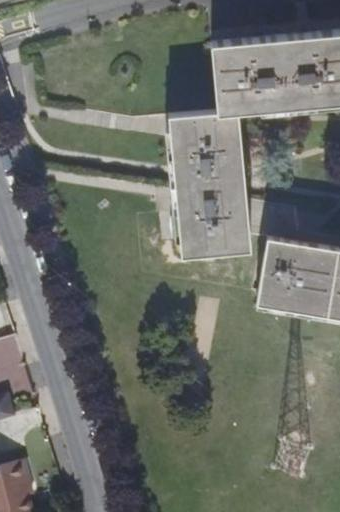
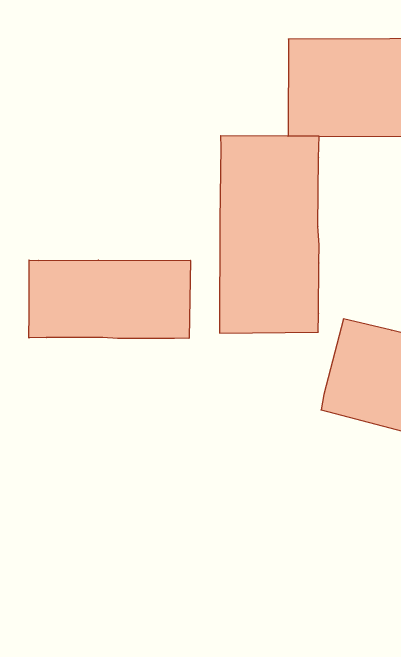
building: none -> [29,260,190,338]

